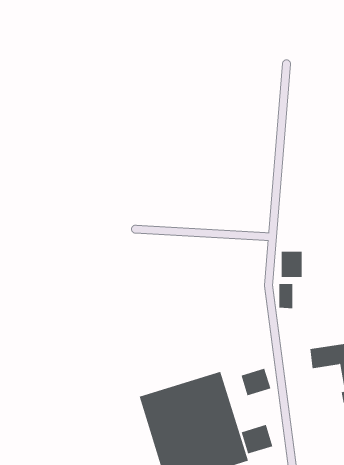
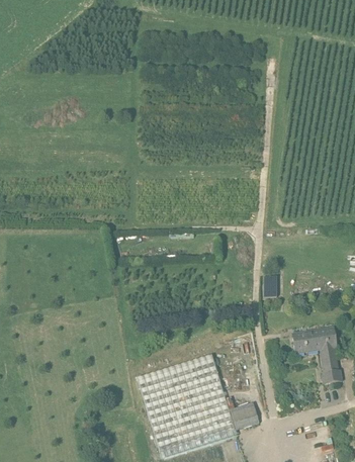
building: [281,251,302,278] -> none
building: [241,368,271,396] -> none

